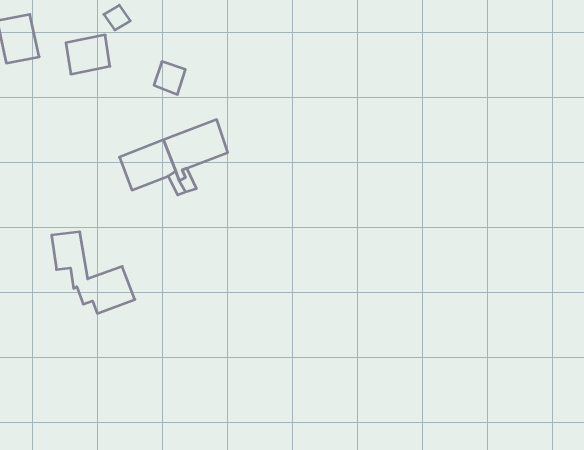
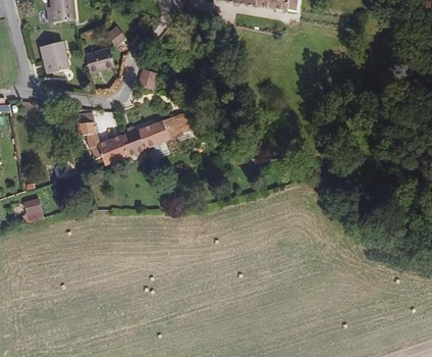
building: [52,232,135,313] -> [69,111,123,164]

